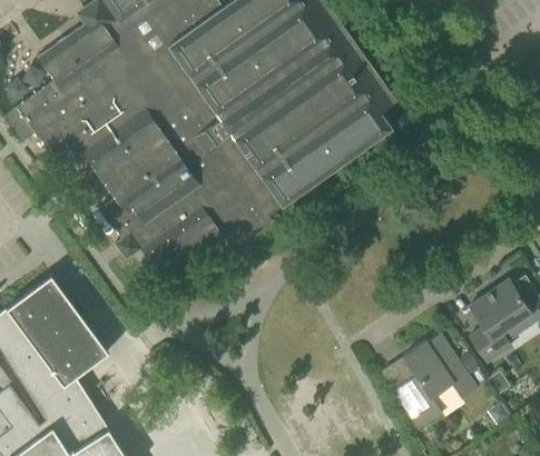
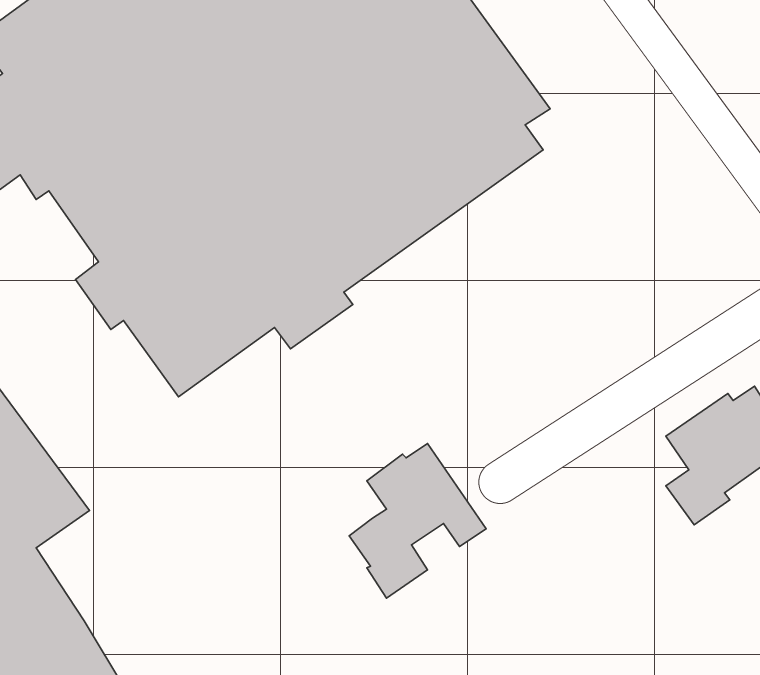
building: [392,334,478,430] -> [349,444,486,598]

